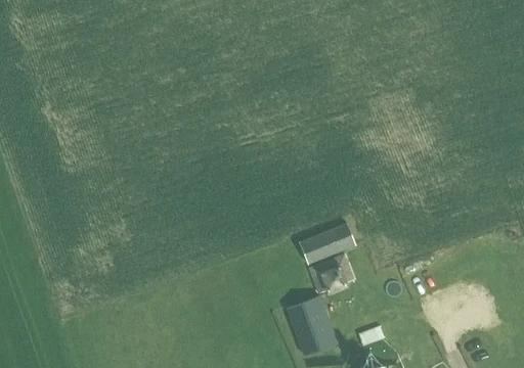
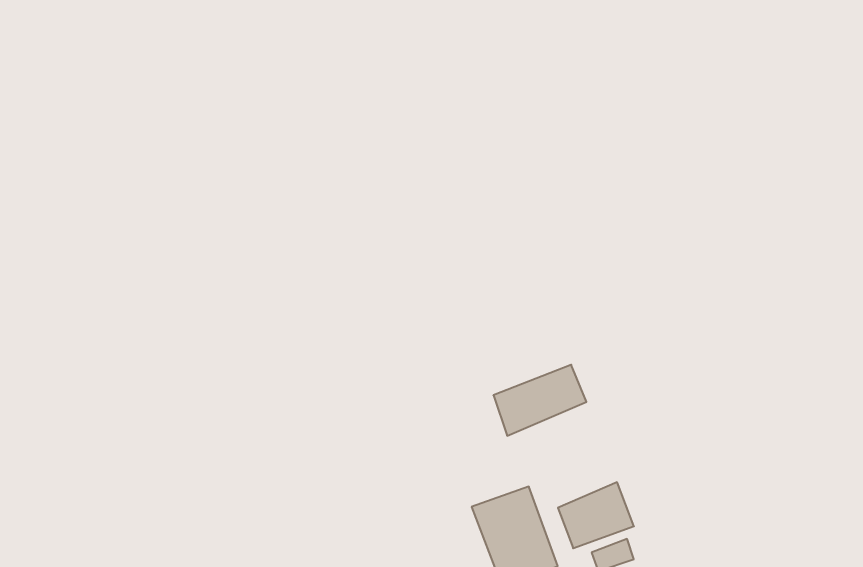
building: [308,254,354,293] -> [558,482,634,548]

